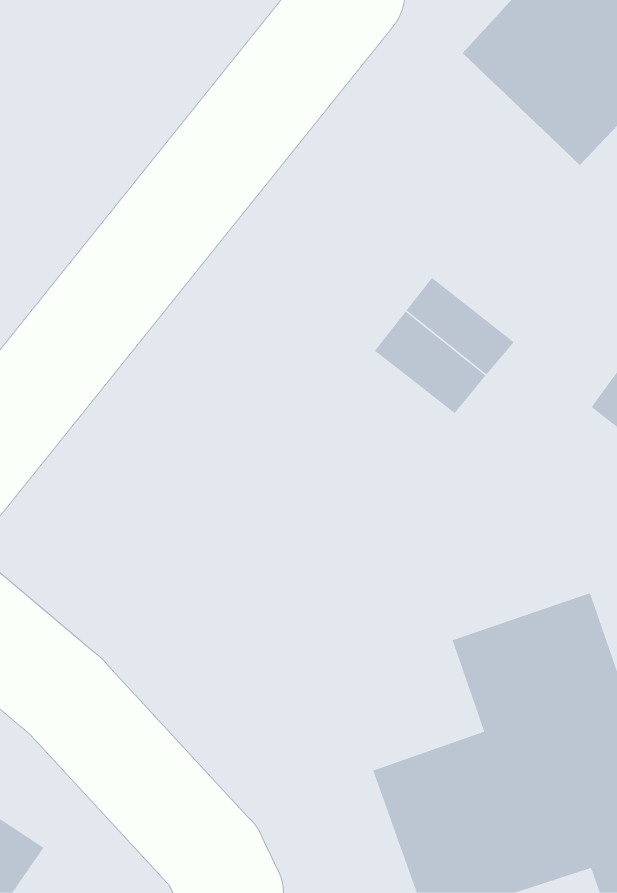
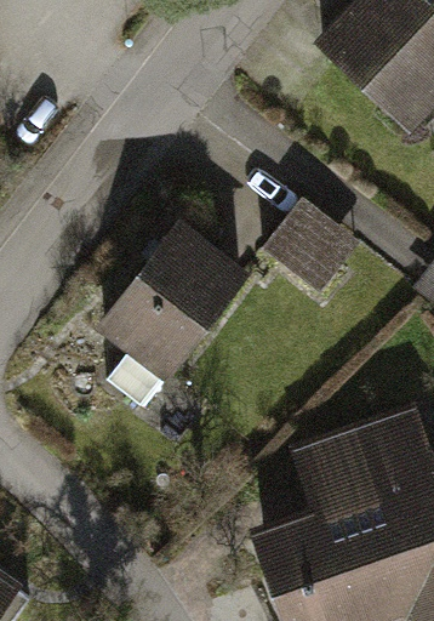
building: none -> [104,227,240,404]

